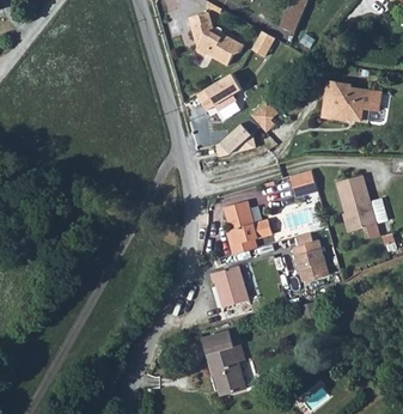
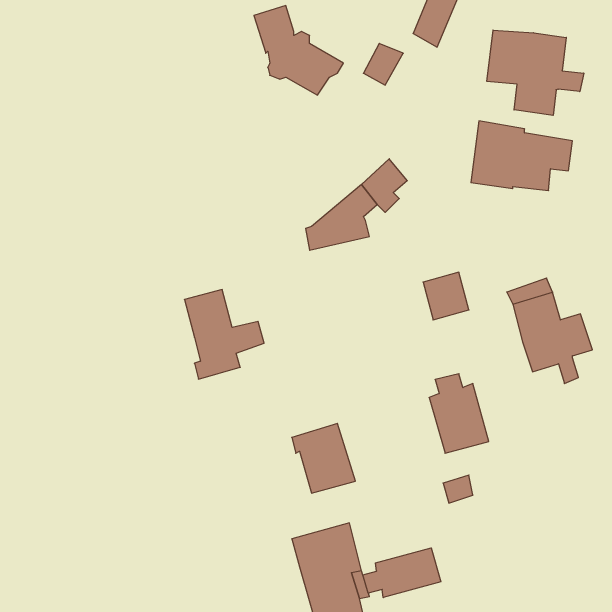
building: none -> [487,30,584,115]
building: [194,74,239,112] -> none
building: [222,199,270,252] -> [184,290,264,379]
building: none -> [363,548,441,598]

